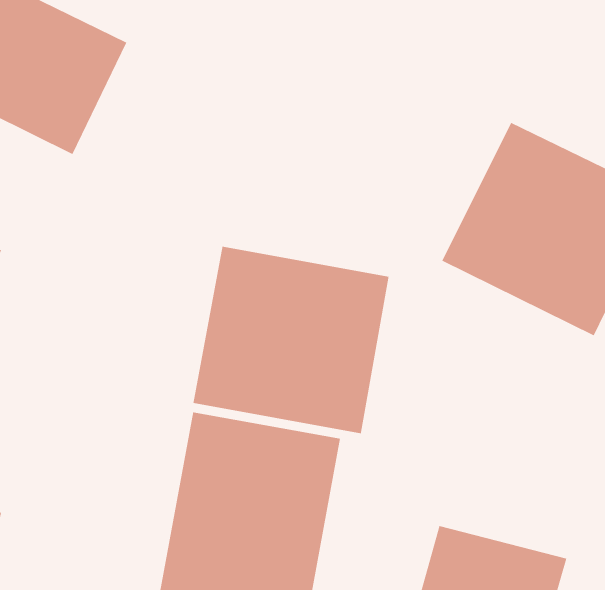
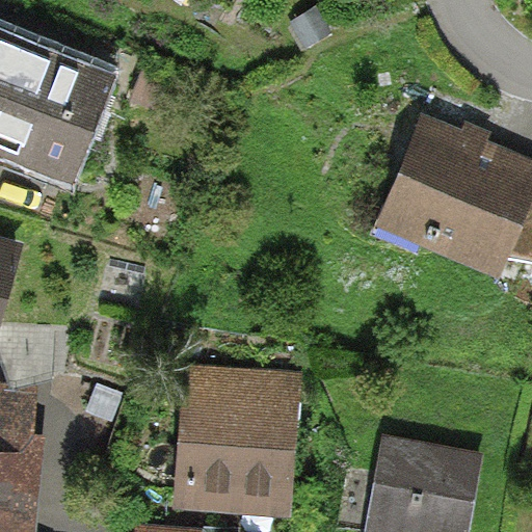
building: [193,246,389,434] -> none

